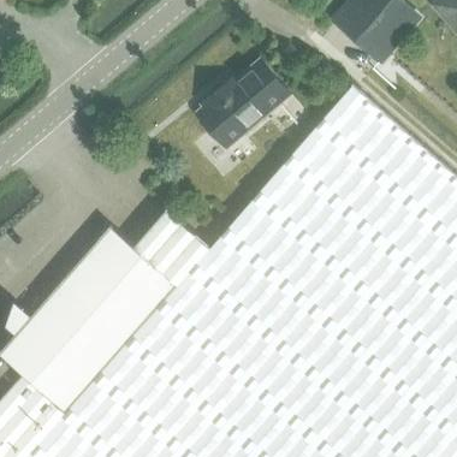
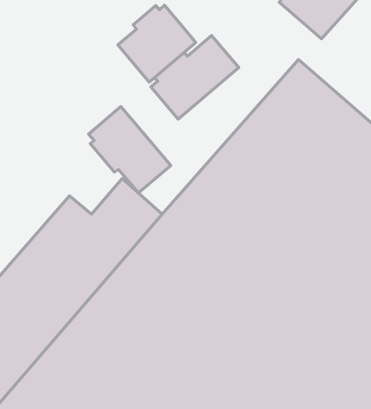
building: none -> [118,5,196,82]
building: none -> [88,107,171,193]

